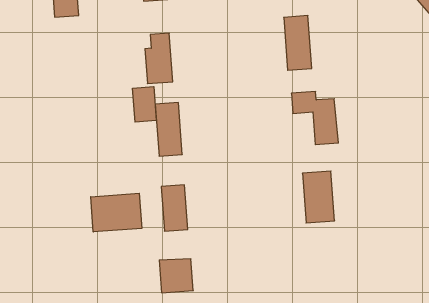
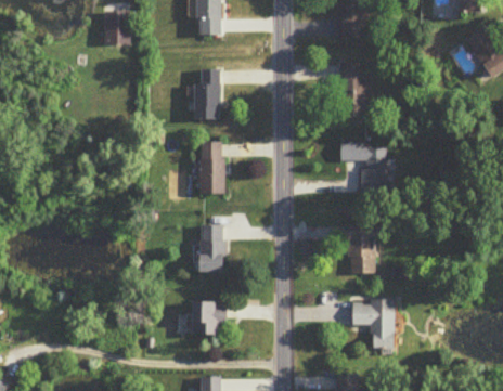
building: [133,87,156,122] -> none
building: [91,193,142,232] -> none
building: none -> [352,300,395,350]

